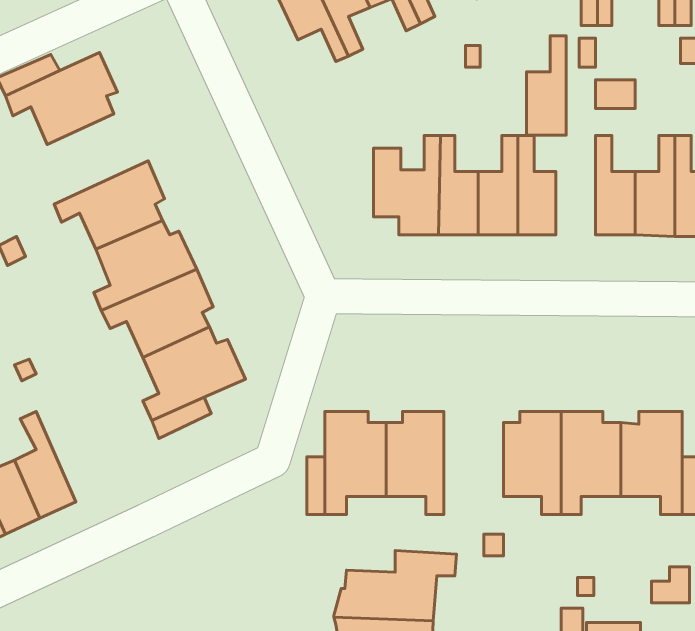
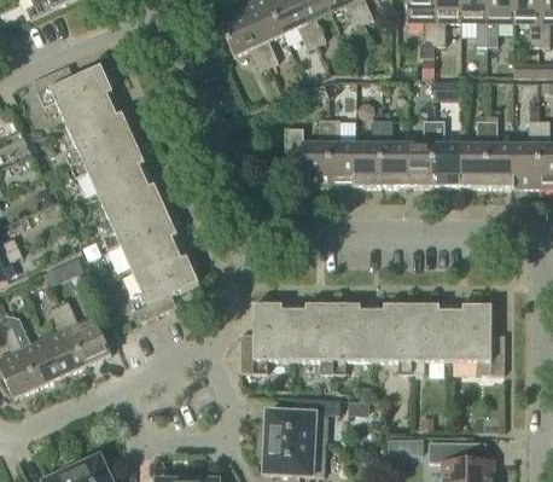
building: [527,36,566,135] -> [407,118,433,185]
building: none -> [66,104,134,164]
building: none -> [59,298,111,364]
building: none -> [332,303,372,372]

